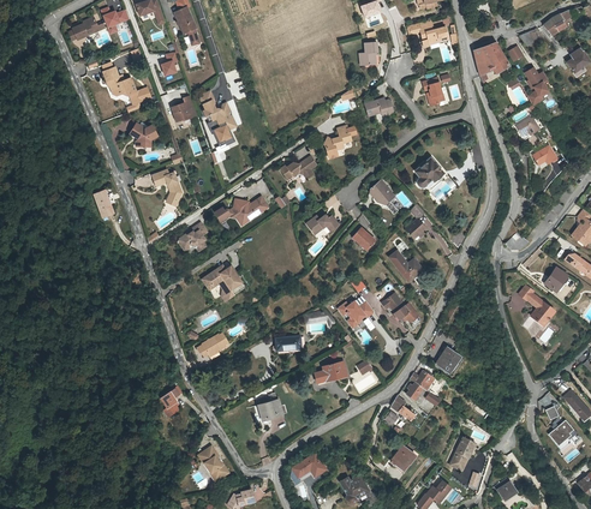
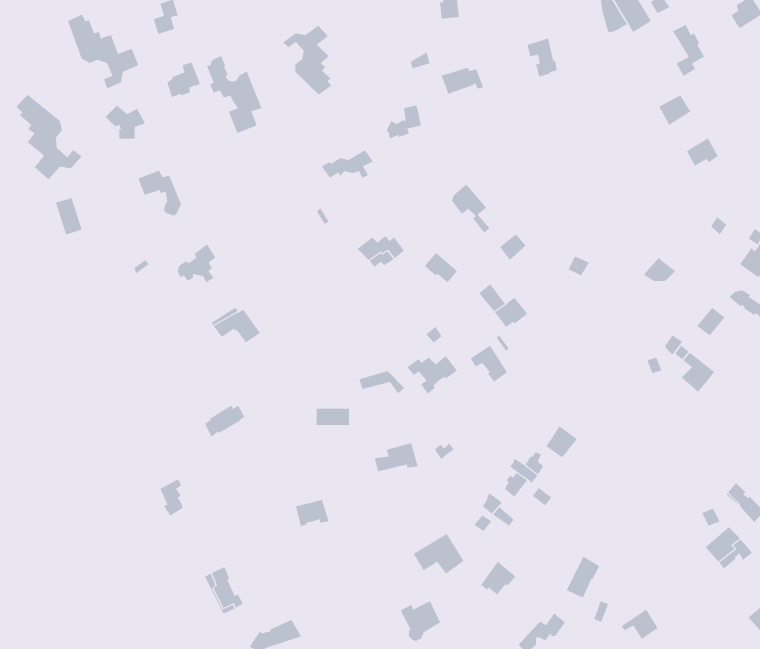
building: none -> [282,25,332,96]
building: none -> [16,94,82,180]
building: [414,158,447,190] -> none
building: [214,194,270,227] -> none
building: [292,451,328,480] -> [413,533,464,574]

